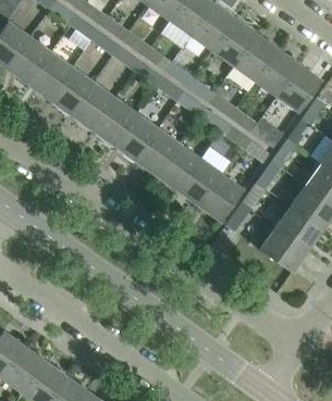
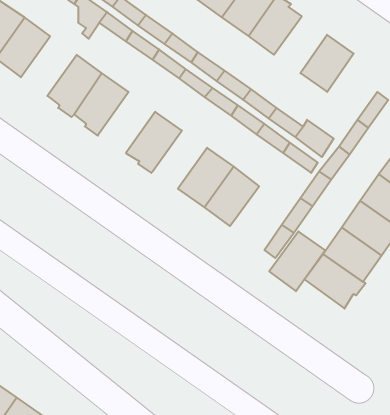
building: [233,34,276,80] -> none
building: [26,50,72,99] -> none
building: [276,64,320,112] -> none
building: [90,96,136,147] -> none
building: [134,127,179,175] -> none
building: [197,173,243,222] -> [269,231,325,291]

